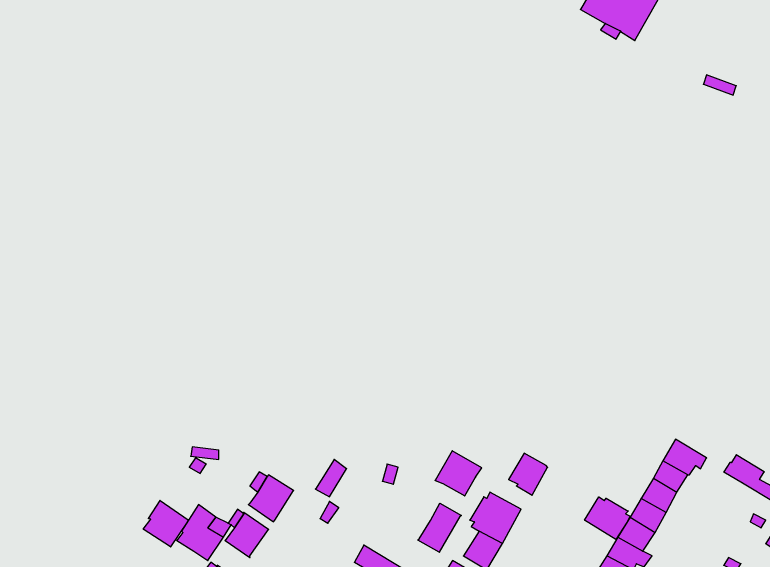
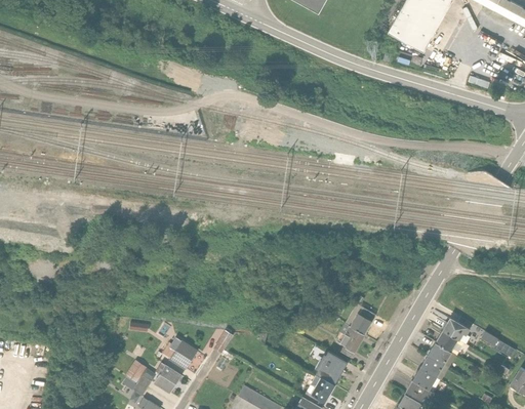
building: [435,451,482,496] -> [345,304,375,334]
building: [585,497,630,540] -> none
building: [143,500,188,547] -> none
building: [418,503,461,552] -> none

